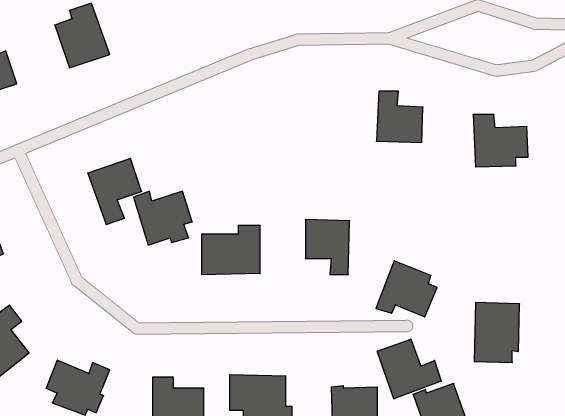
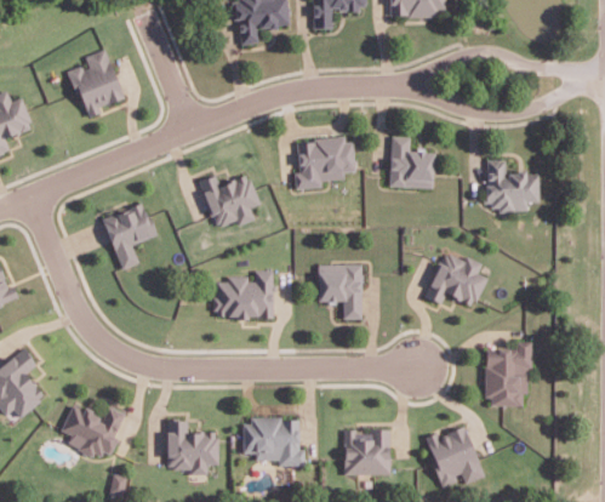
building: none -> [293,138,354,189]
building: [134,191,192,245] -> [200,175,258,228]
building: [376,261,437,317] -> [426,251,486,307]
building: [377,339,441,399] -> none

